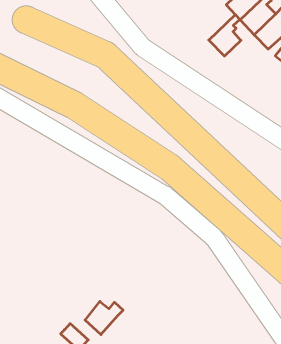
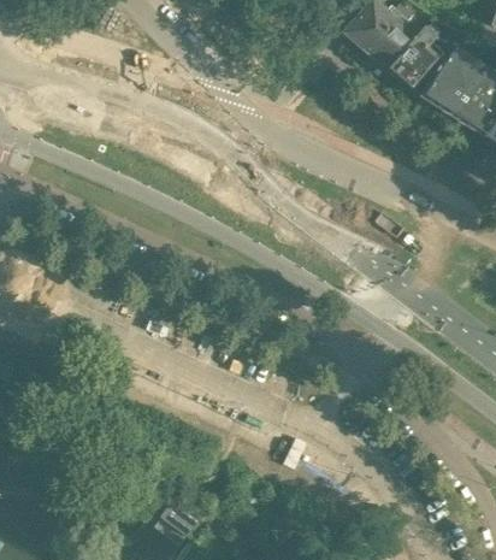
building: [209,15,241,56] -> none
building: [85,301,123,335] -> none

